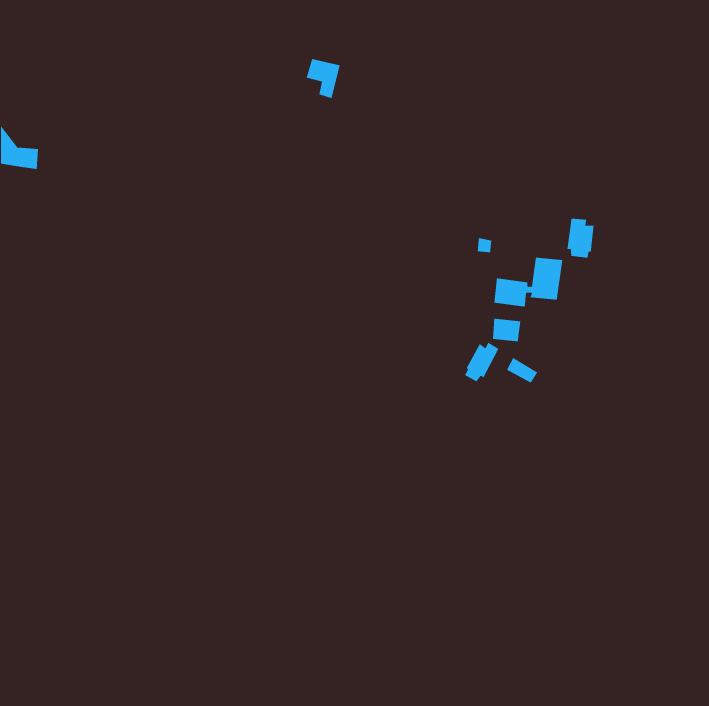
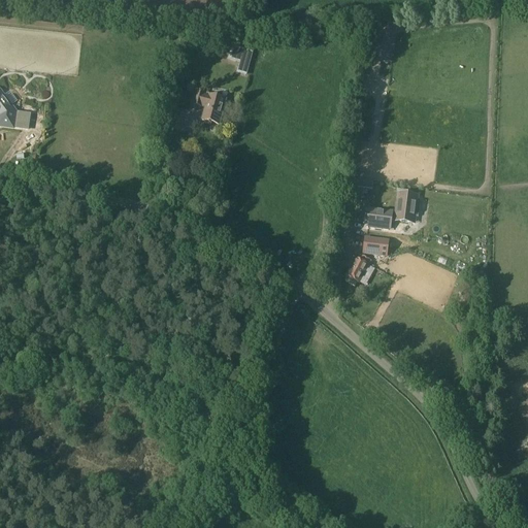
building: none -> [193,88,226,122]
building: [567,218,594,259] -> none

